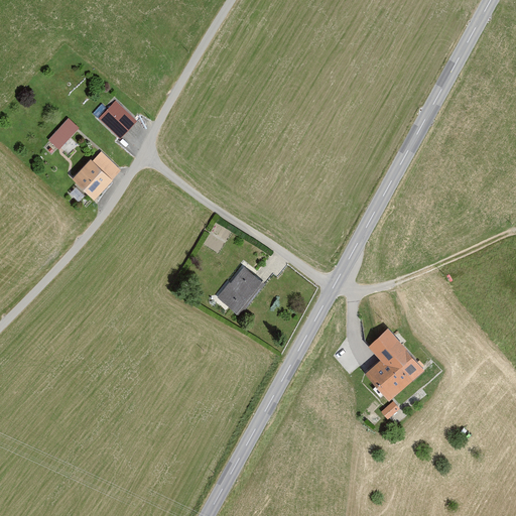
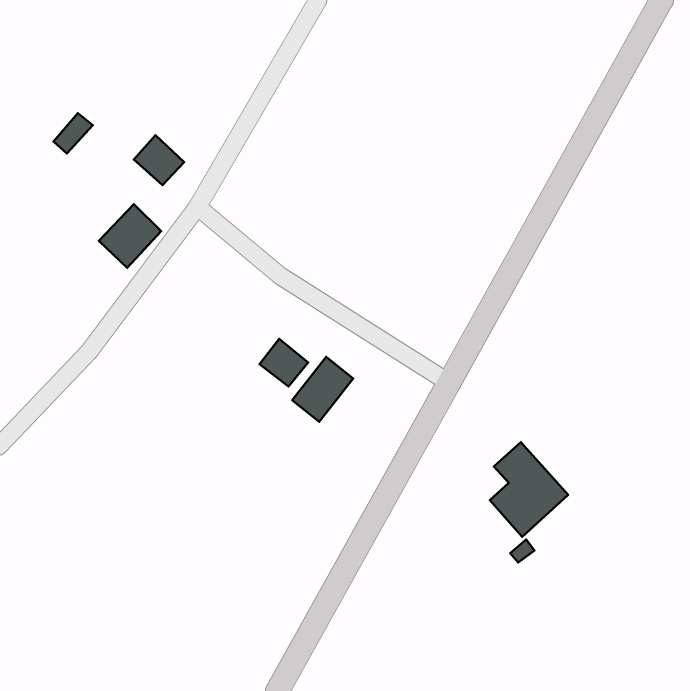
building: [49,119,79,149] -> [53,113,93,154]
building: none -> [260,339,308,387]

